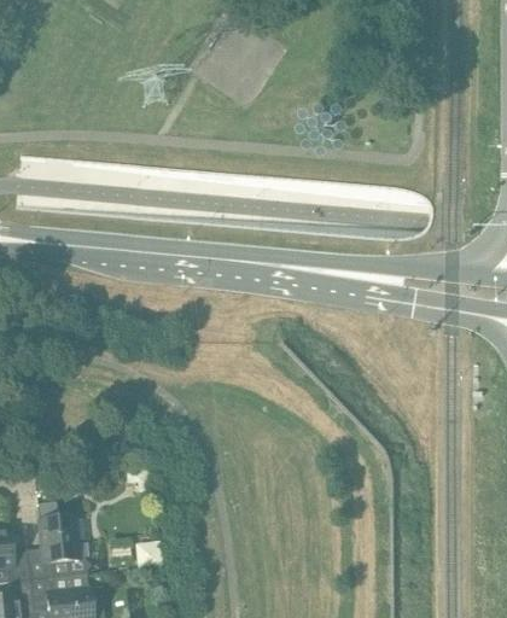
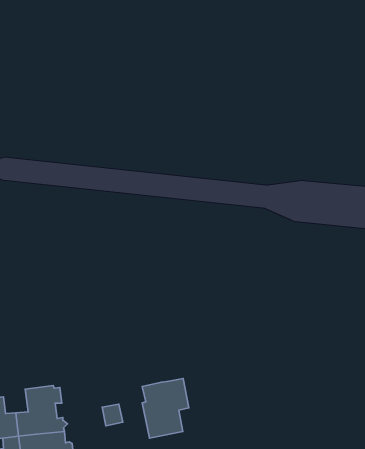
building: none -> [142,379,189,438]

